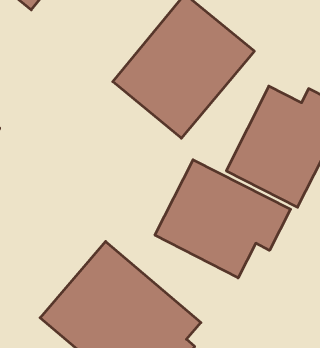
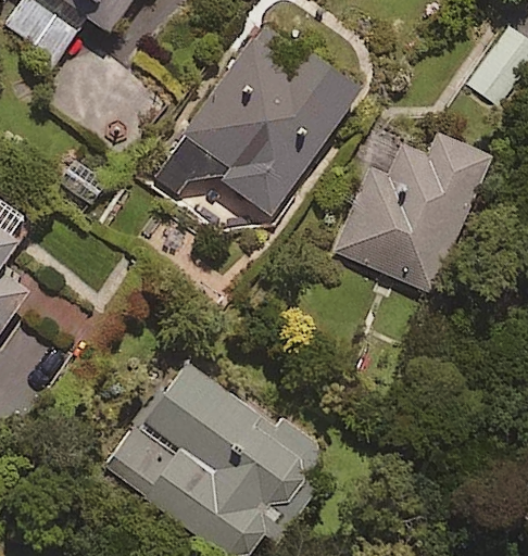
building: [155,160,291,278] -> none

